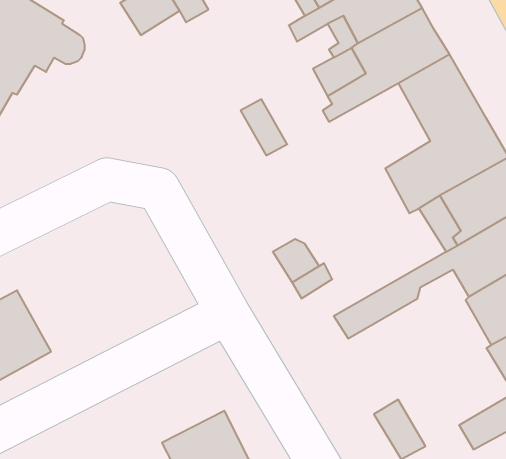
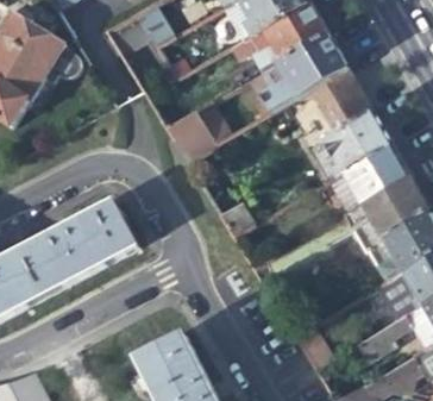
building: none -> [164,111,214,161]
building: none -> [29,199,137,289]

